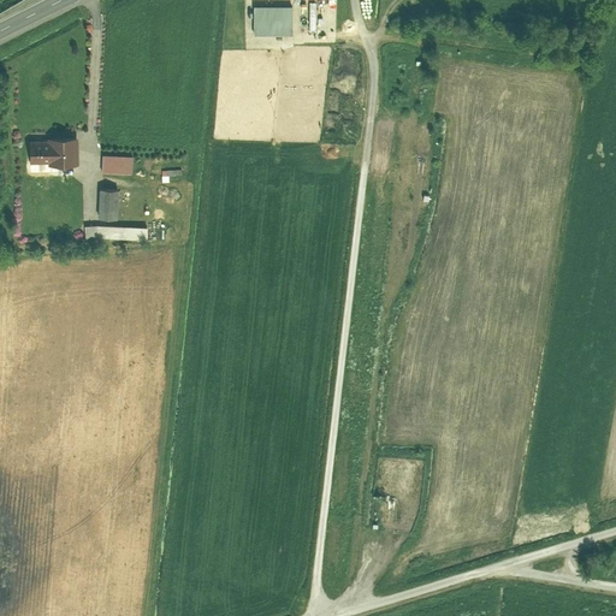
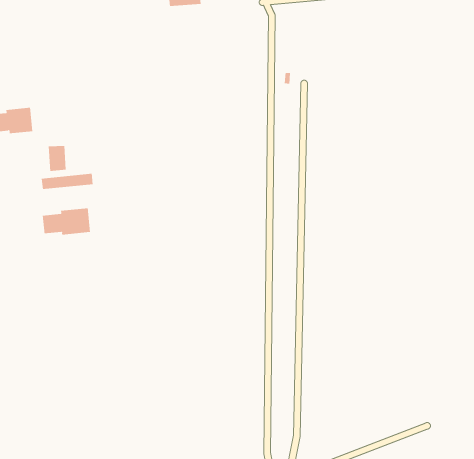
building: [103,149,132,176] -> none
building: none -> [42,207,91,235]

